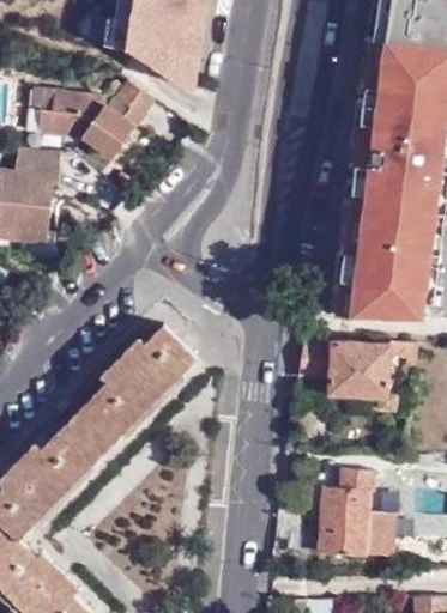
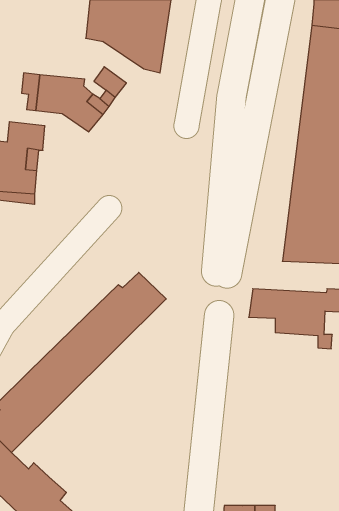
building: [318,473,398,559] -> none

